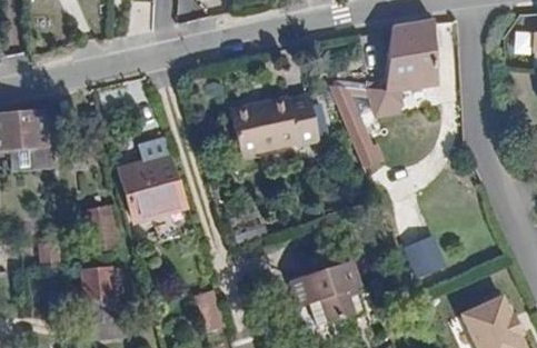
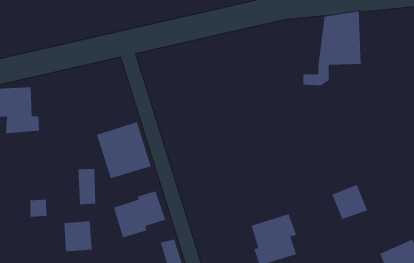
building: [226,92,315,149] -> none
building: [331,92,370,146] -> none
building: none -> [113,190,166,238]

